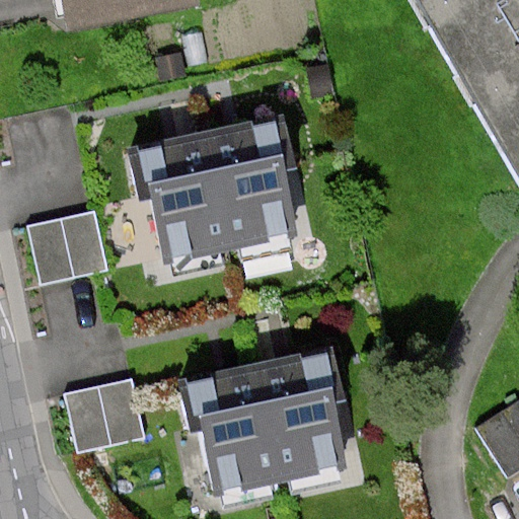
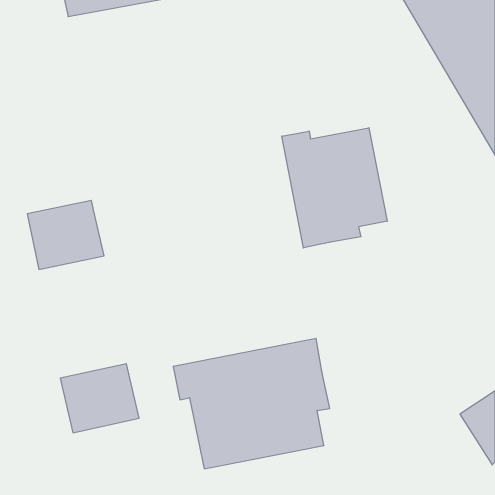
building: [135,123,297,257] -> none
building: none -> [282,128,387,248]

